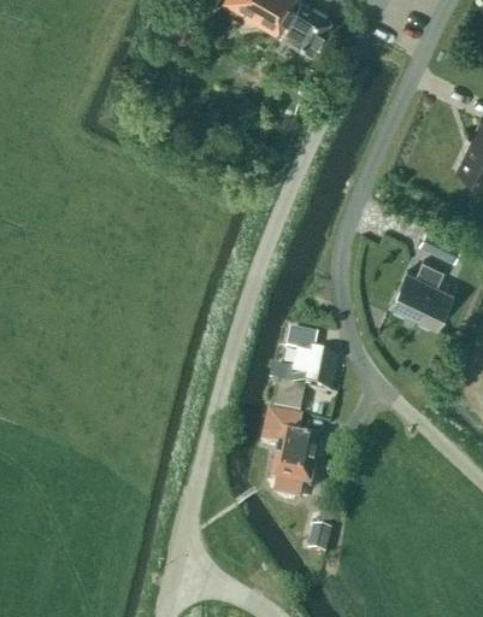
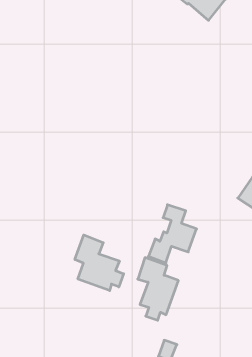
building: none -> [75,235,124,291]

